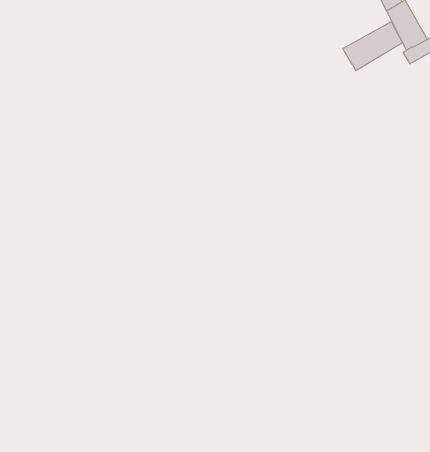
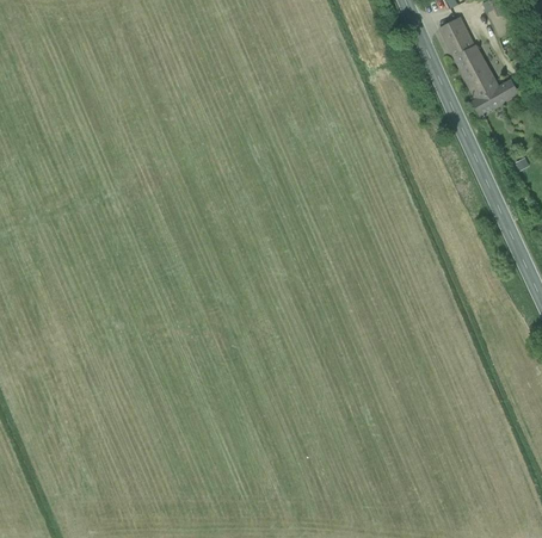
building: [343,21,402,71] -> none

